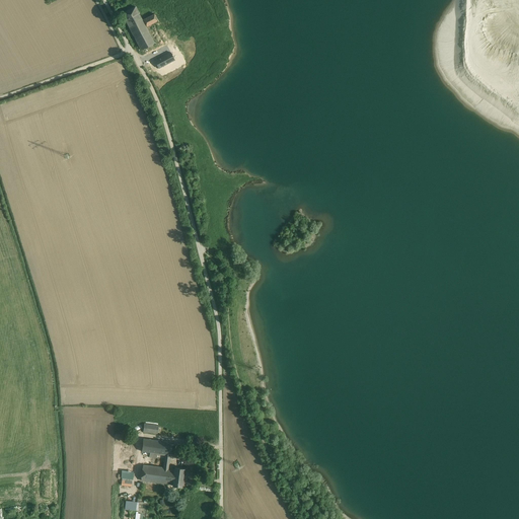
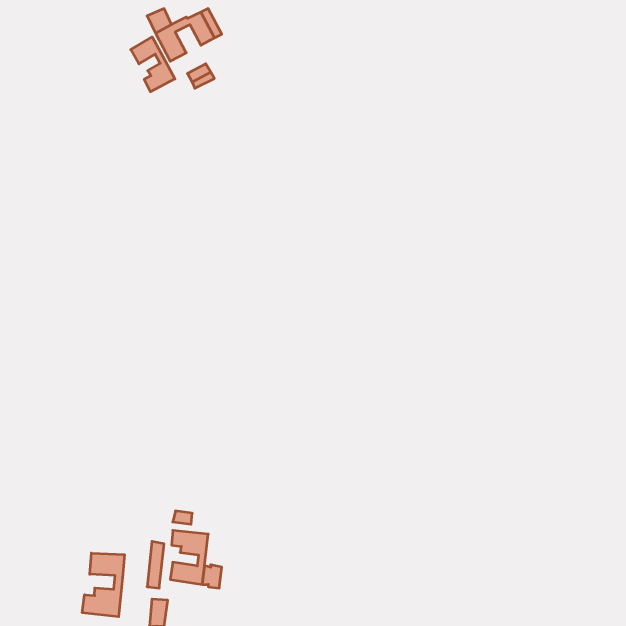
building: none -> [131,37,175,92]
building: none -> [82,553,124,617]

